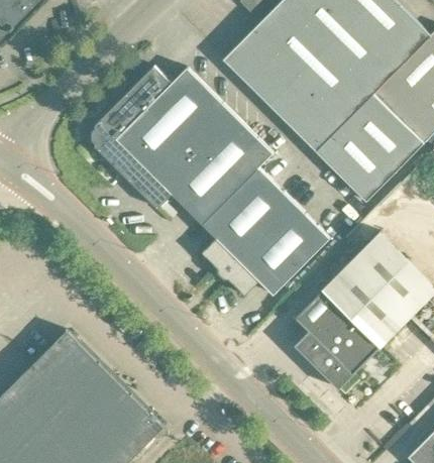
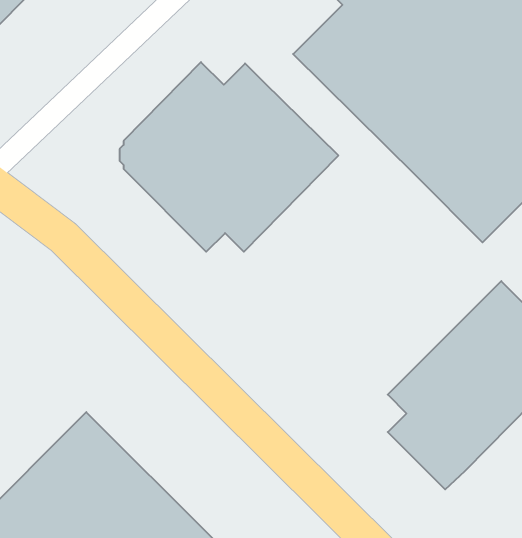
building: [186,136,330,296] -> none

